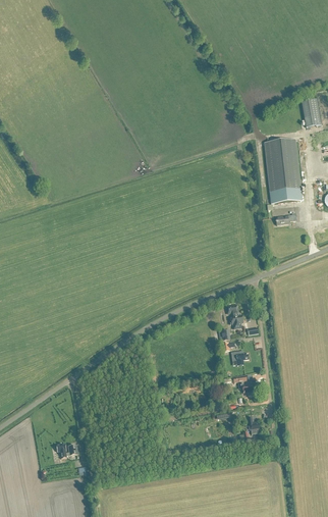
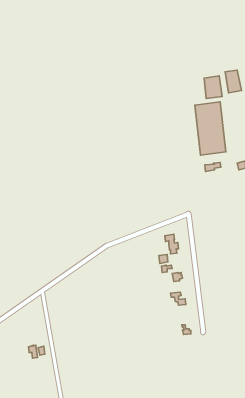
building: none -> [204,76,222,98]

